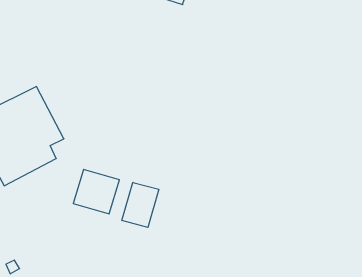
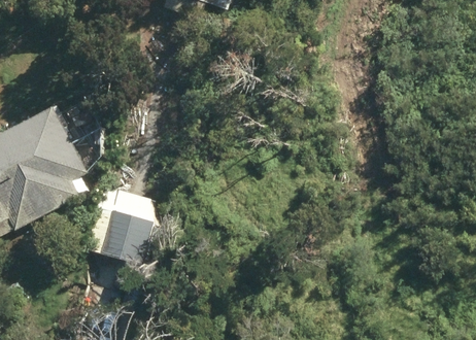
building: [122,182,159,227] -> none

